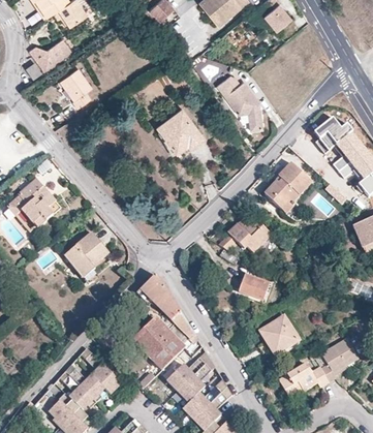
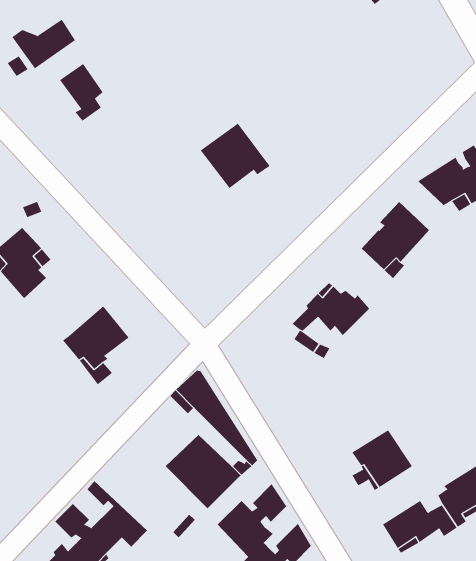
building: [217,74,262,129] -> none
building: [239,274,269,300] -> none

